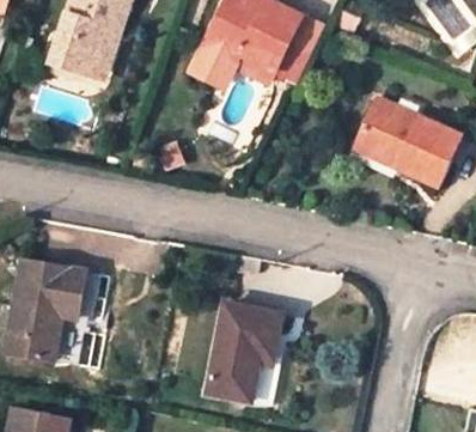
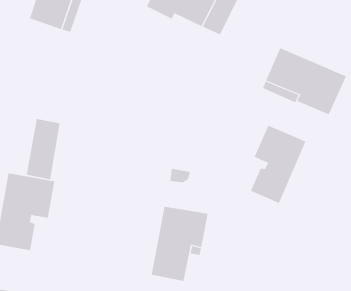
building: [185,45,274,93] -> none
building: none -> [26,118,60,180]
building: none -> [250,125,306,204]

